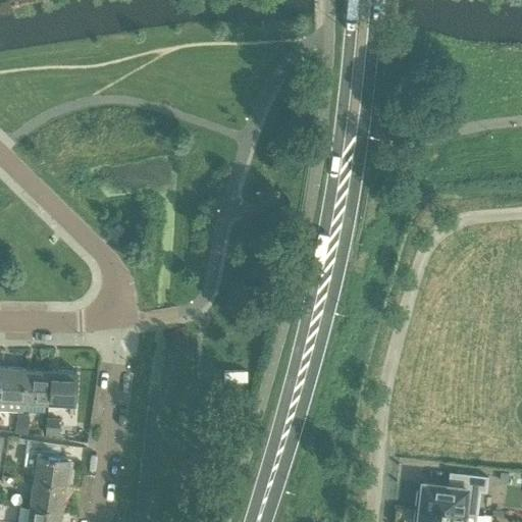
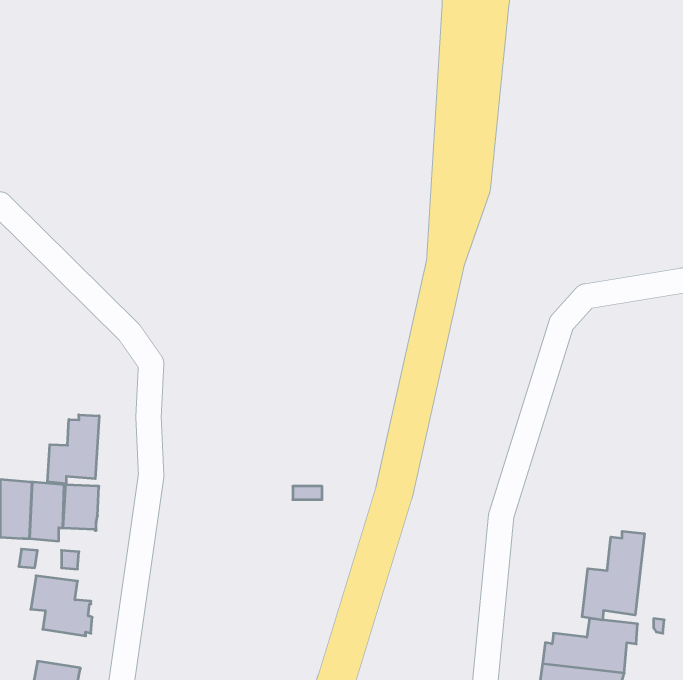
building: none -> [47,415,99,484]
building: none -> [582,531,644,620]
building: [29,482,65,512] -> none

